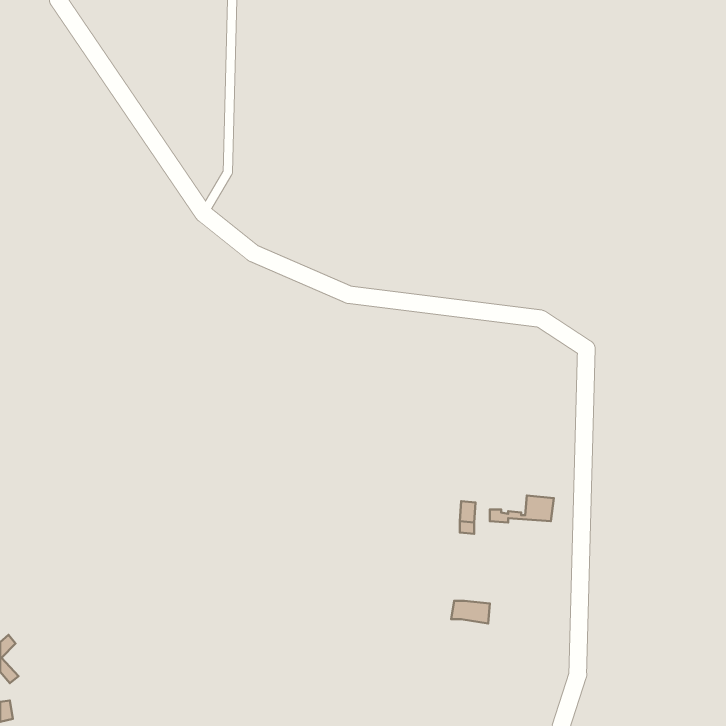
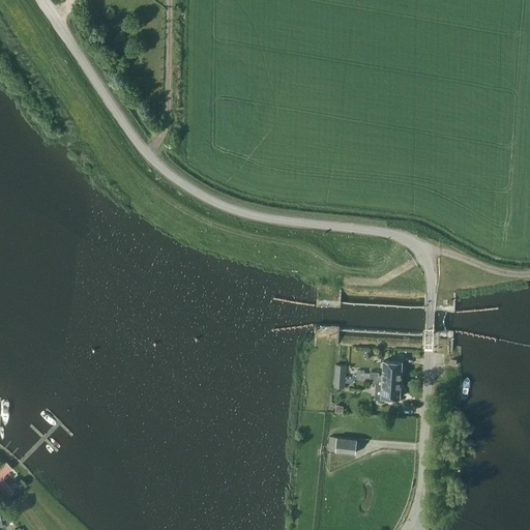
building: none -> [371,378,402,399]

